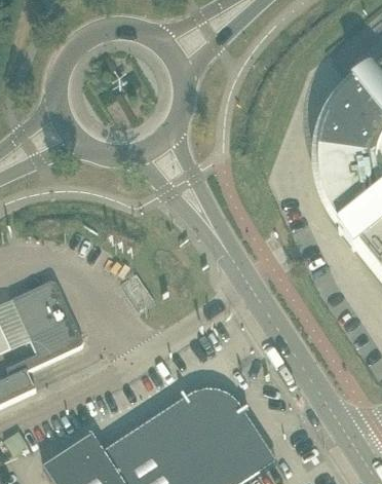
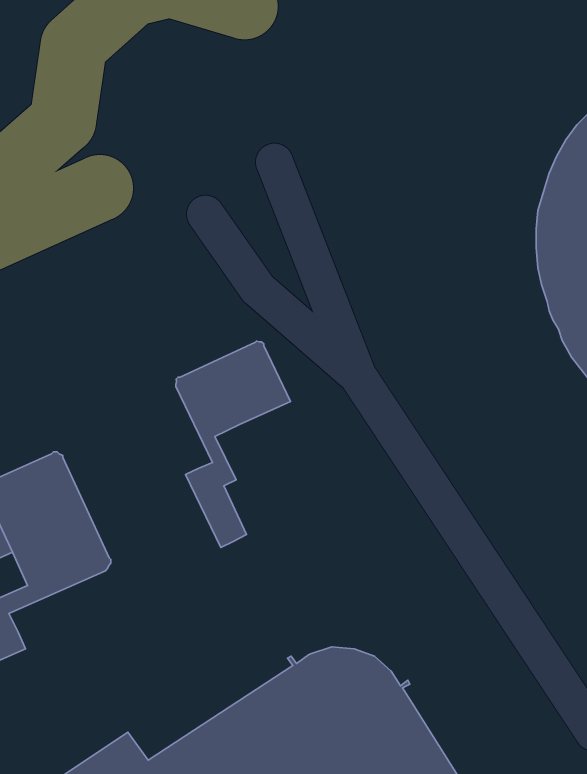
building: none -> [176,341,290,547]

